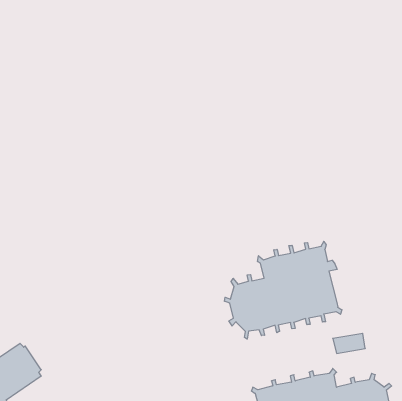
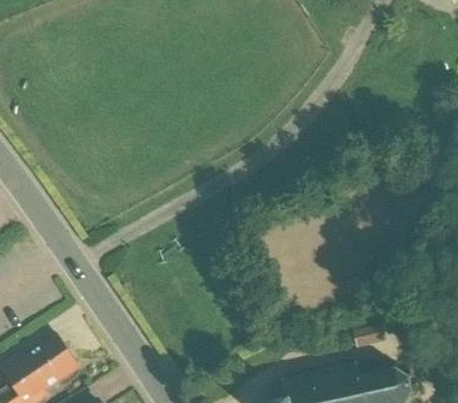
building: [224,241,342,339] -> none

